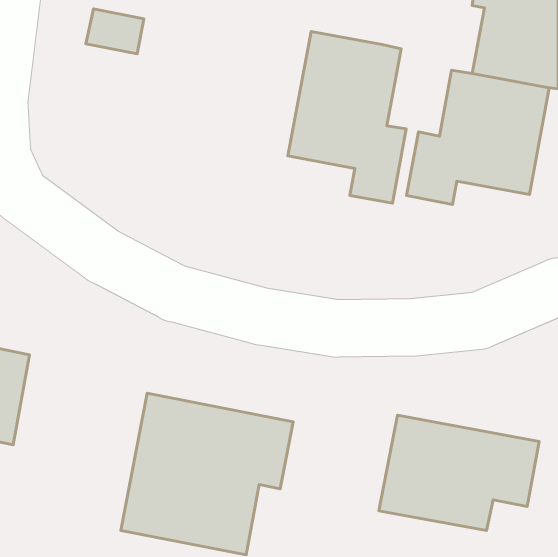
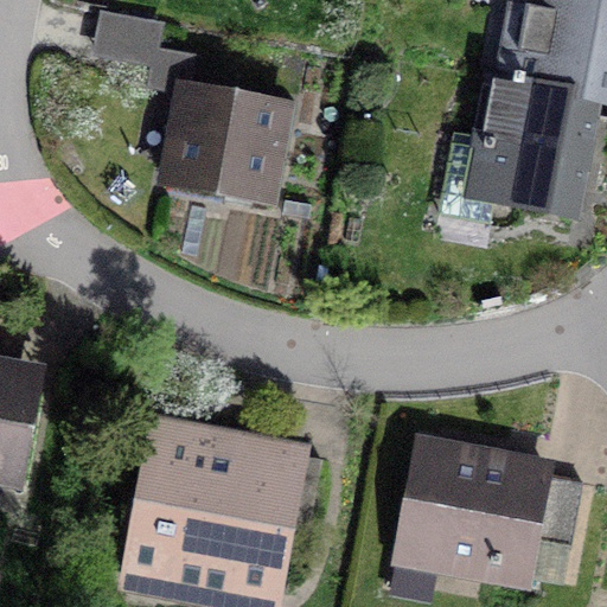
building: [288,31,406,203] -> none
building: none -> [162,83,282,198]

